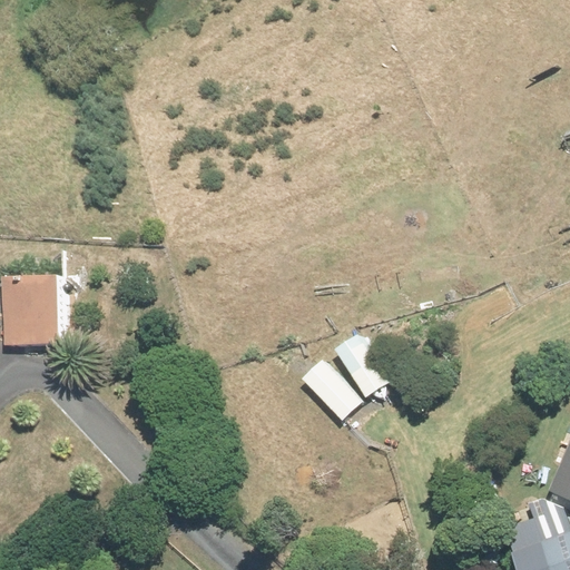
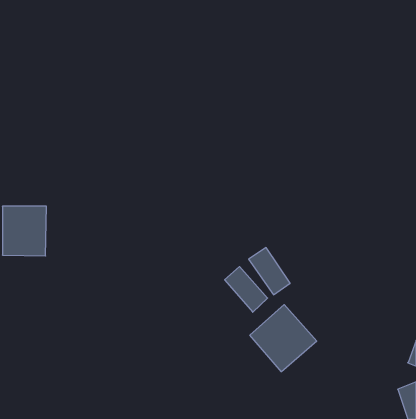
building: none -> [250,305,317,372]

